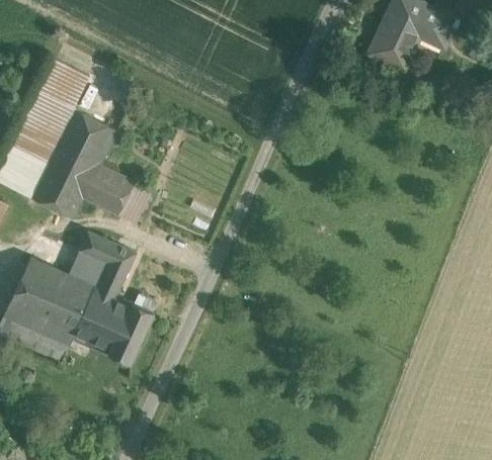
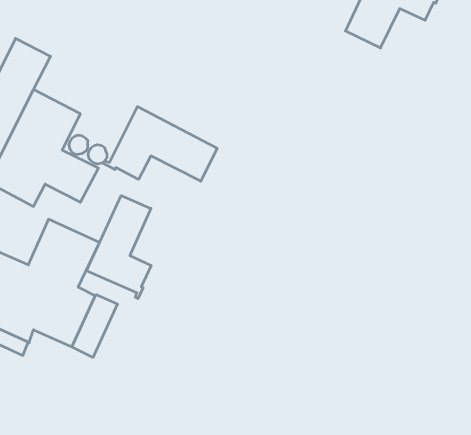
building: none -> [103,107,217,181]
building: none -> [87,196,151,299]

